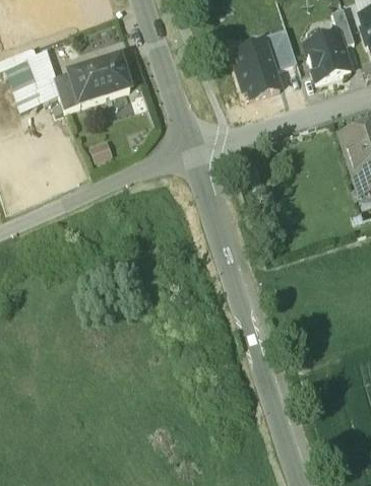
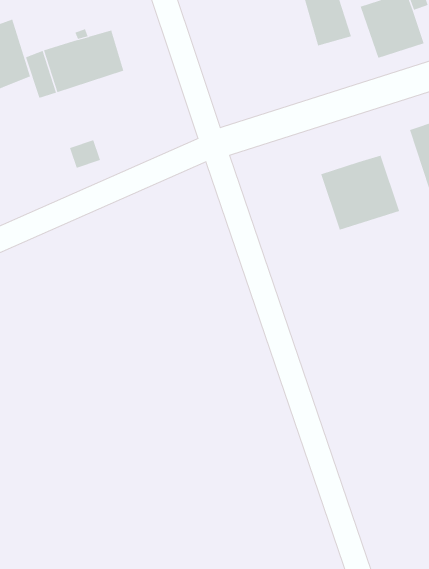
building: [235,42,279,100] -> none
building: none -> [321,155,400,230]

